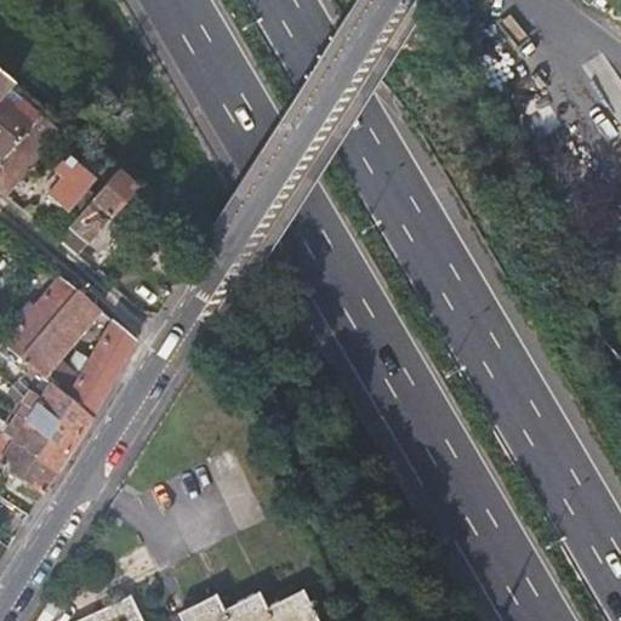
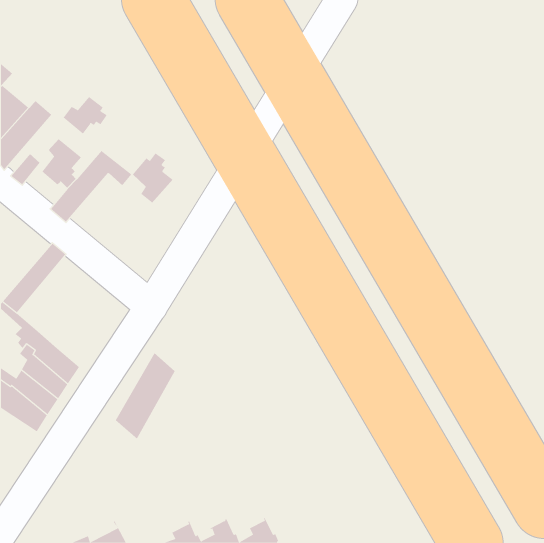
building: none -> [63,96,108,134]
building: none -> [132,152,173,203]
building: [19,290,98,377] -> none
building: [65,319,135,418] -> [115,352,175,439]

